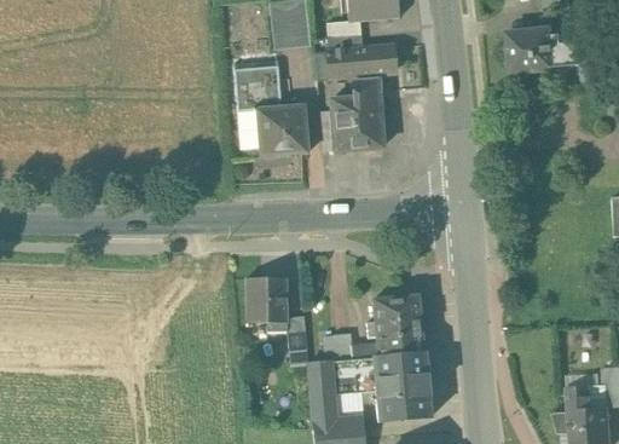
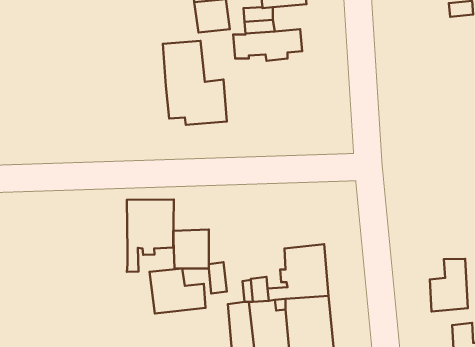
building: [507,28,580,73] -> none
building: [330,79,382,149] -> none
building: none -> [127,200,174,272]
building: none -> [430,259,468,311]
building: none -> [150,268,205,313]

